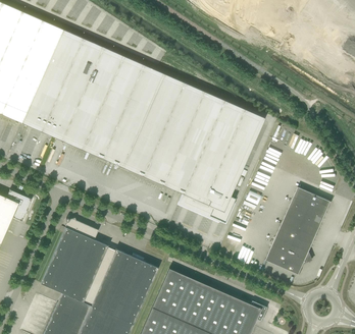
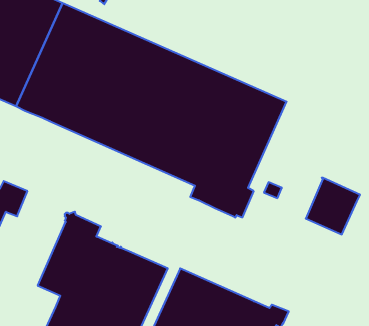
building: [264,223,314,274] -> none

